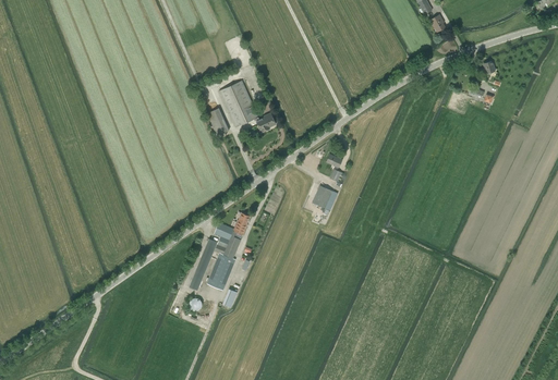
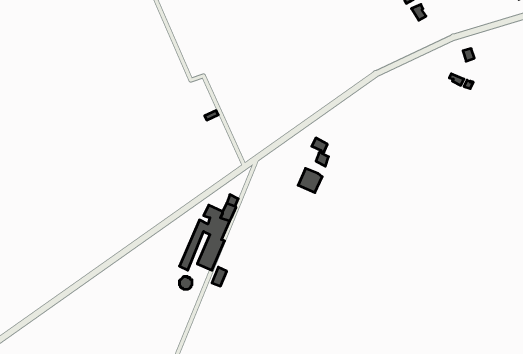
building: [219,81,276,132] -> none

